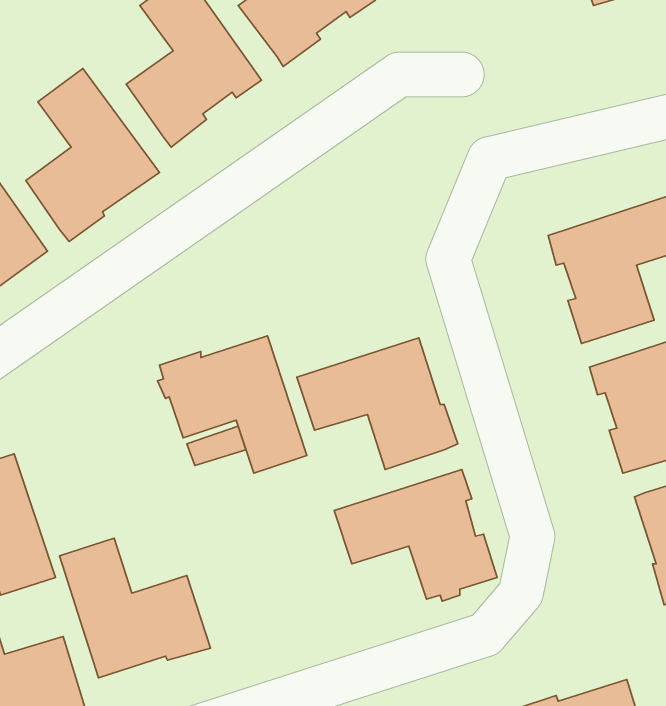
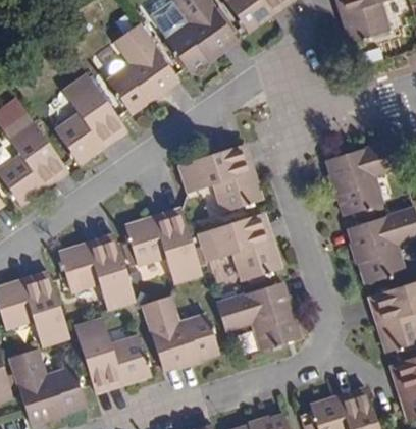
building: none -> [176,144,261,212]
building: none -> [57,237,135,310]
building: none -> [141,294,218,370]

